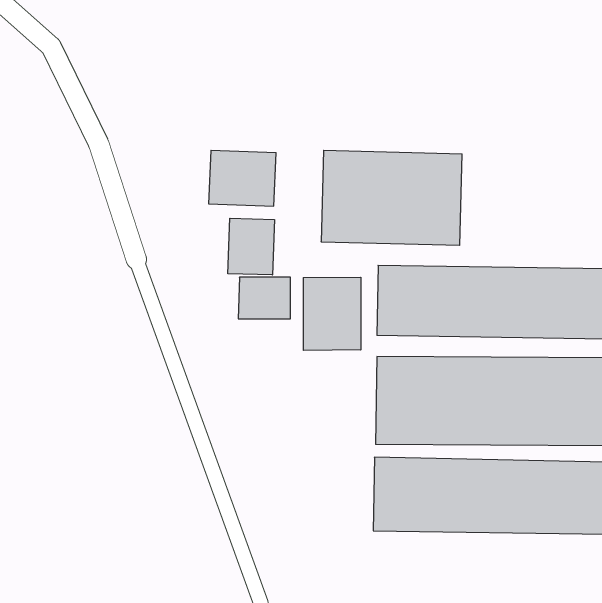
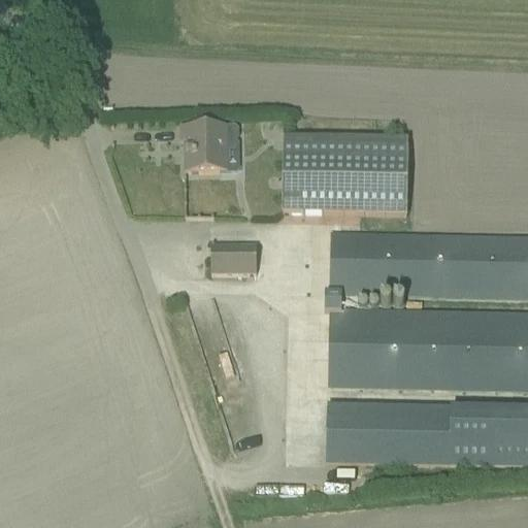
building: [228,218,274,275] -> none
building: [303,277,361,350] -> none

